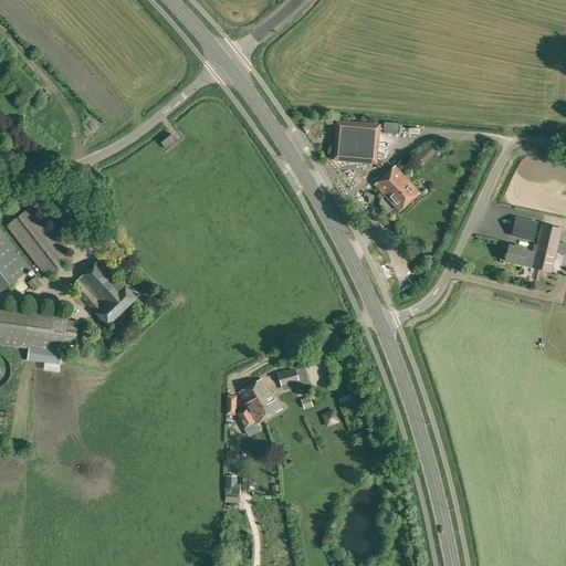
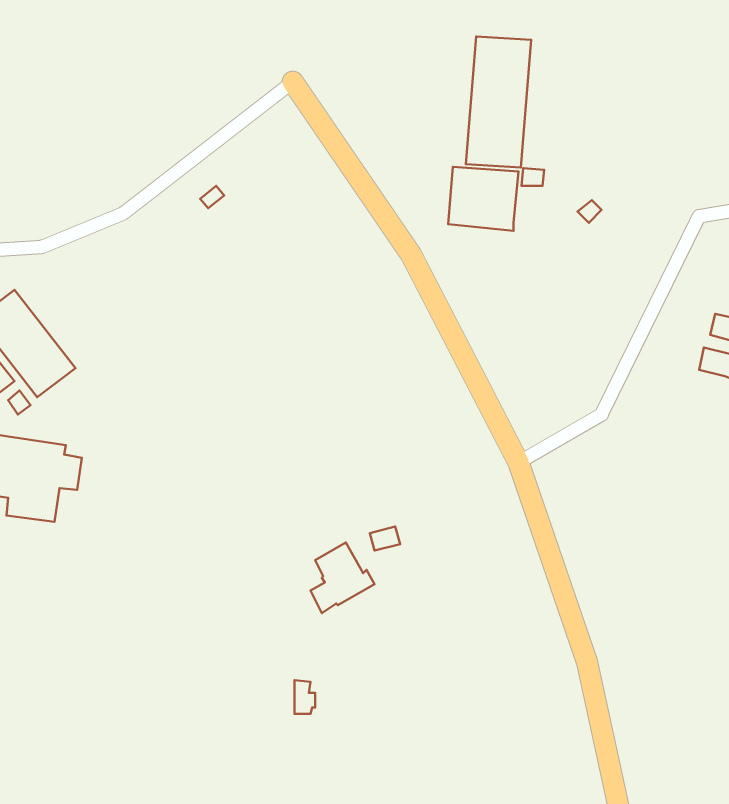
building: none -> [466,36,531,168]
building: [375,166,419,210] -> none
building: [71,260,136,325] -> none

